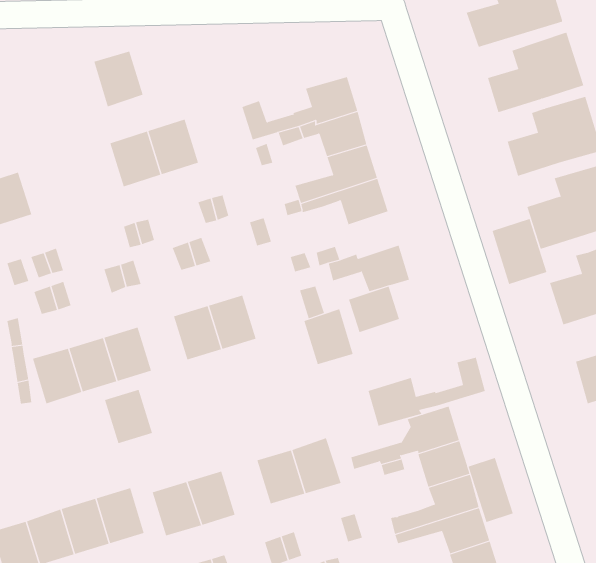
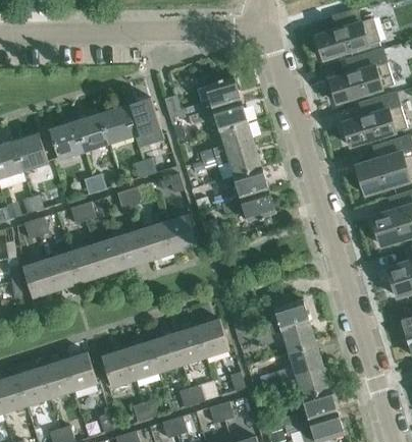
building: [93,51,144,107] -> [50,122,84,160]
building: none -> [125,98,160,135]
building: none -> [13,133,48,170]
building: [492,218,547,285] -> none
building: [348,286,400,333] -> [235,168,269,200]
building: [303,309,354,365] -> [164,216,198,254]
building: [368,357,486,426] -> none
building: [104,389,153,444] -> [94,238,126,275]
building: [468,457,513,523] -> none
building: none -> [150,335,183,372]

